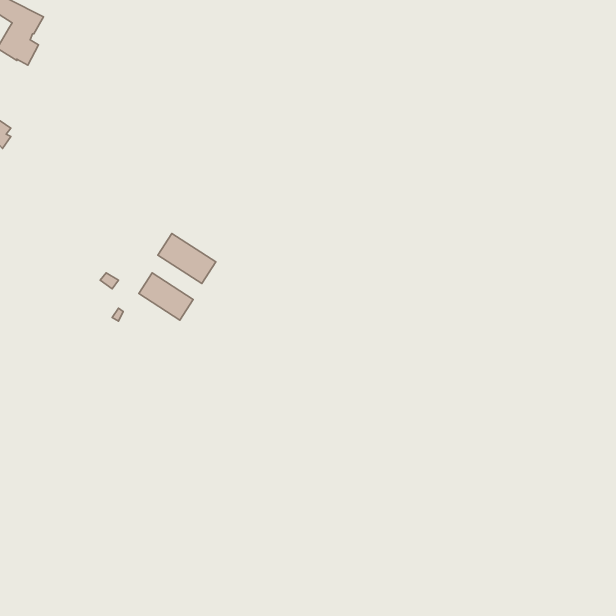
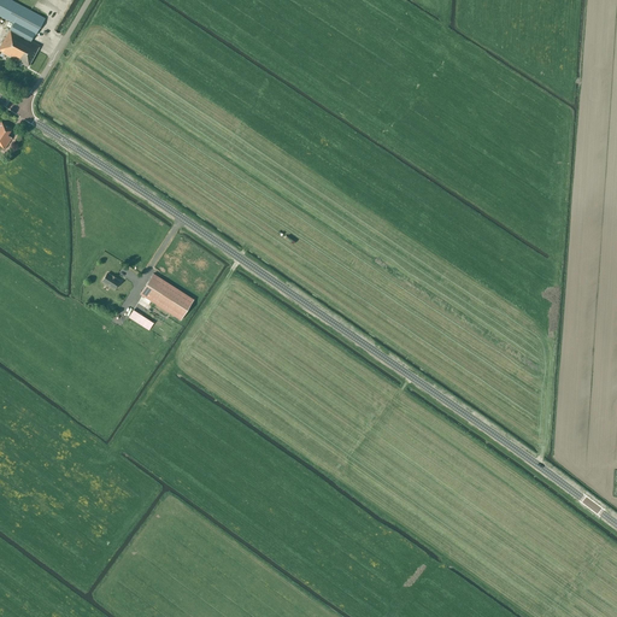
building: [158,234,216,284] -> none

